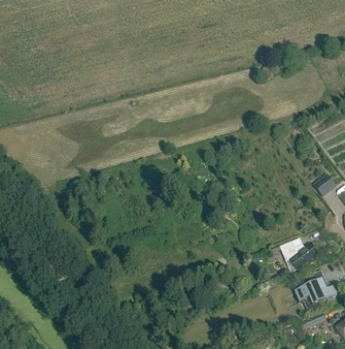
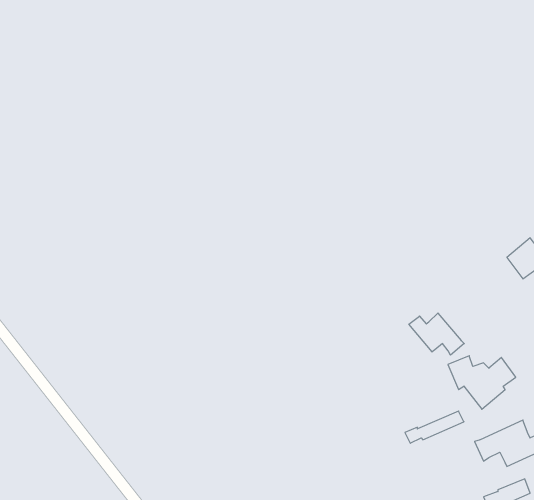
building: none -> [409,313,464,355]

